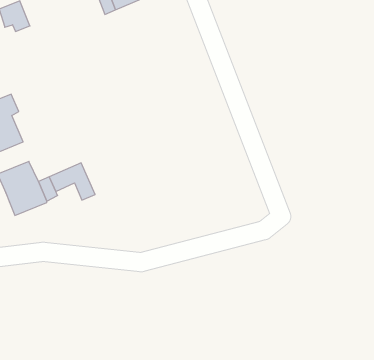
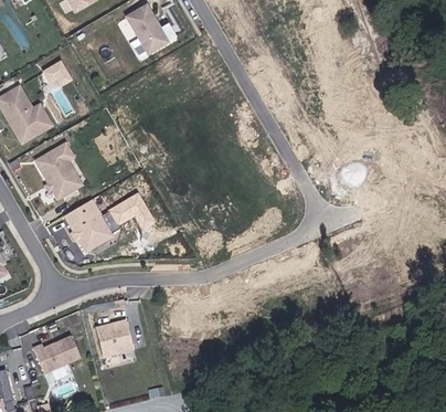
building: none -> [97,321,132,358]

